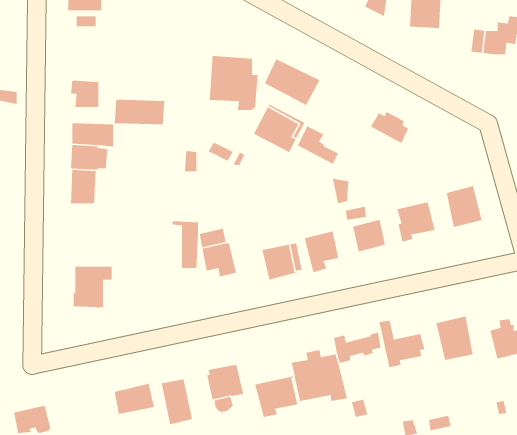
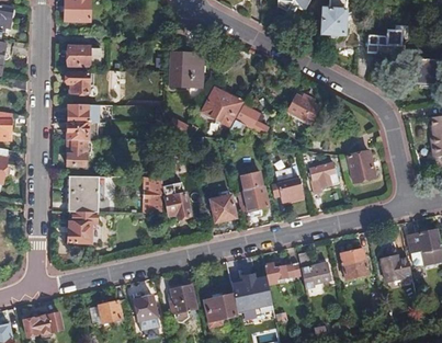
building: [264,58,321,106] -> none
building: [114,99,165,125] -> [66,45,104,65]
building: none -> [69,174,99,205]

